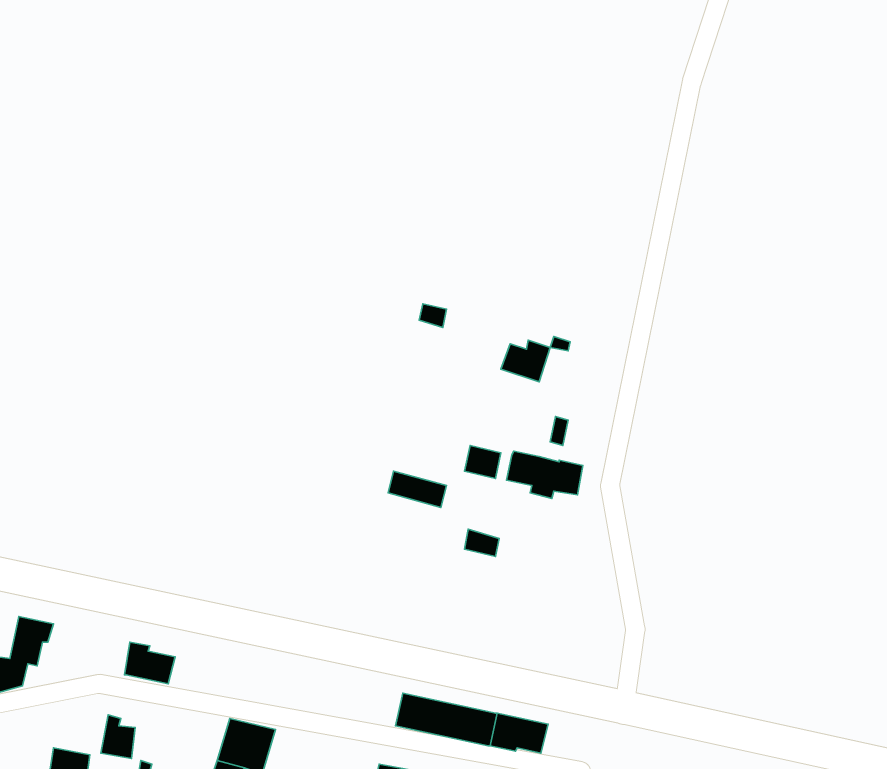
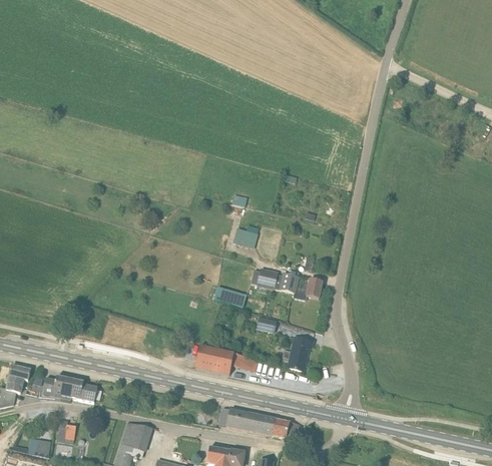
building: [501,340,550,382] -> [232,223,260,247]
building: none -> [283,337,312,370]
building: none -> [194,345,258,374]
building: none -> [26,376,72,400]

